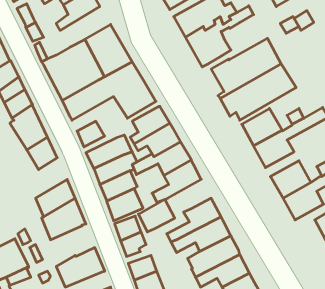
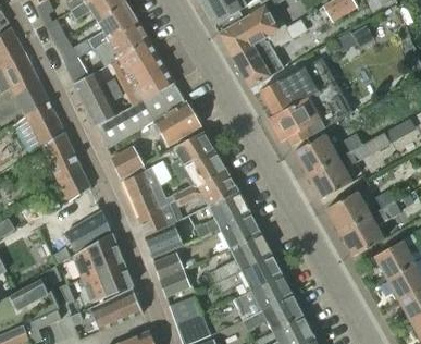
building: none -> [94,21,149,65]
building: [138,199,175,232] -> [220,211,260,247]
building: none -> [83,260,132,302]

